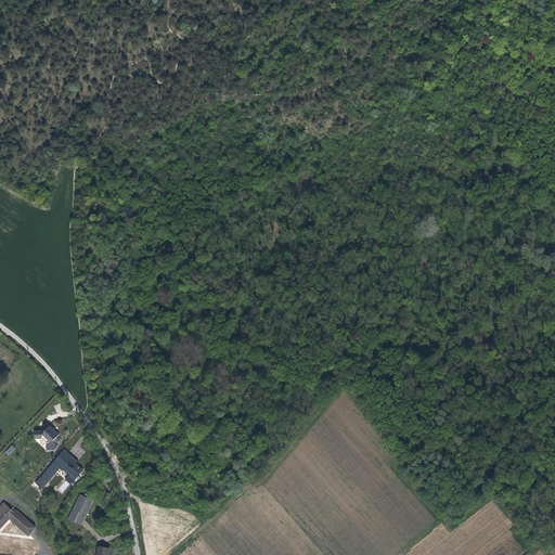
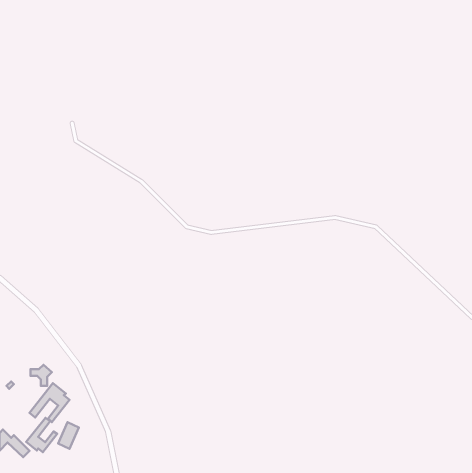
building: none -> [26,418,57,452]

